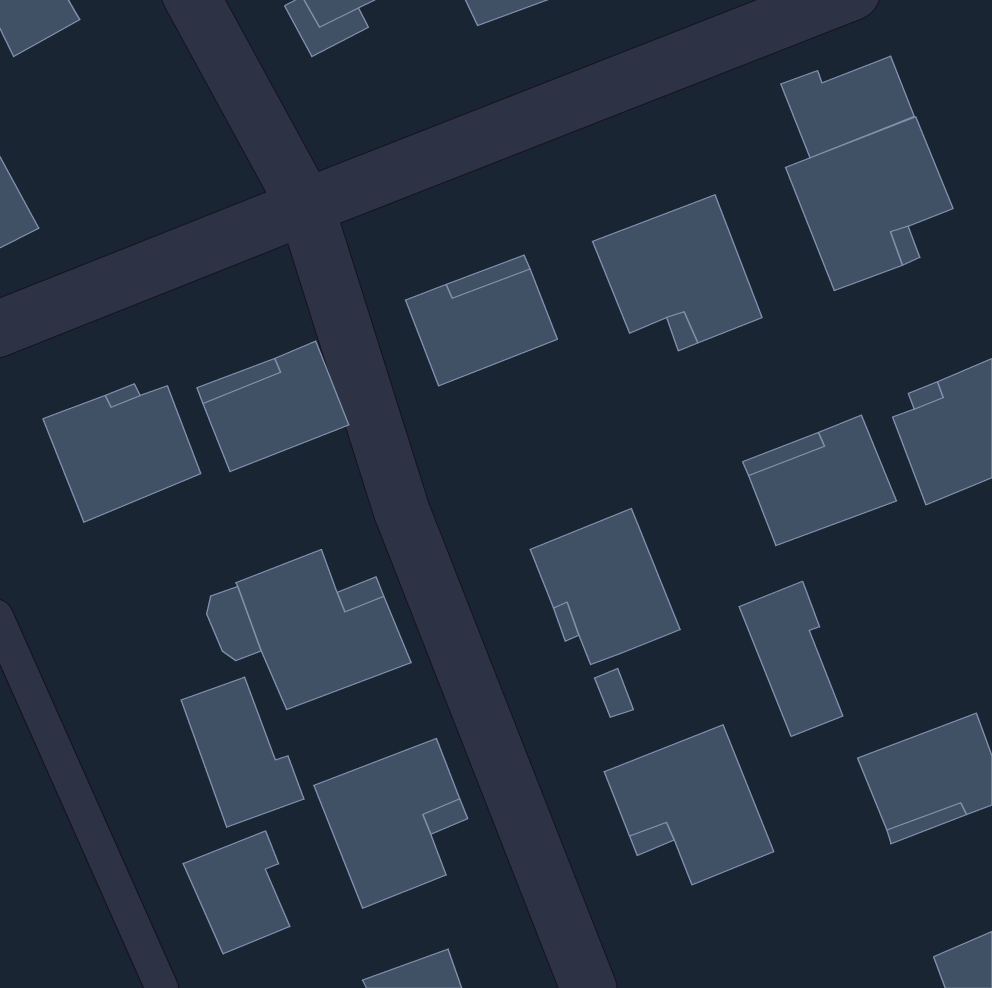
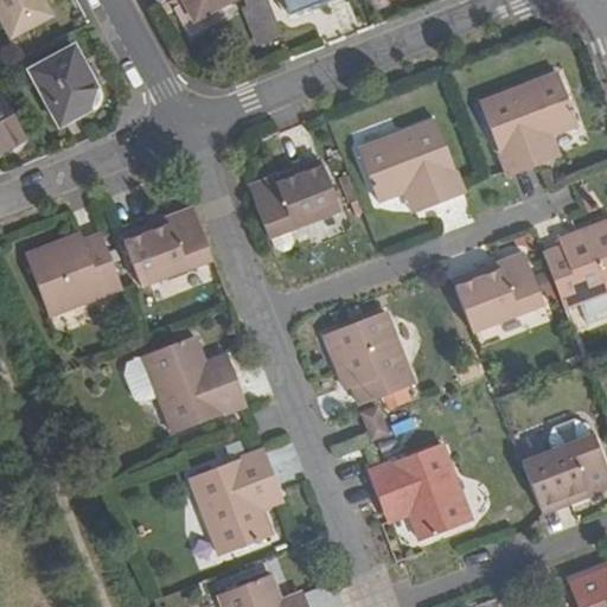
building: [781,56,914,158] -> none
building: none -> [30,46,102,124]
building: [739,581,843,736] -> none
building: [181,677,304,827] -> none
building: [183,831,290,954] -> none

